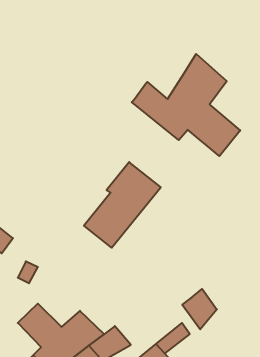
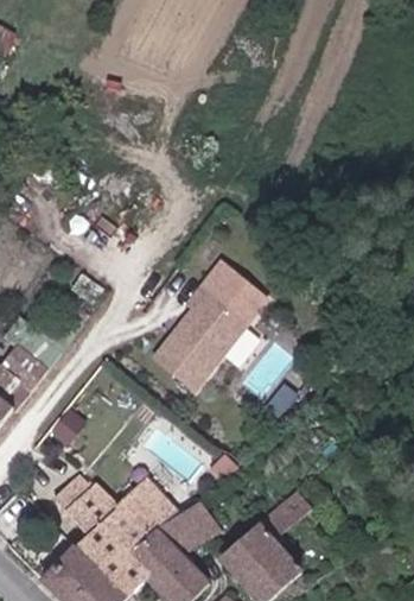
building: [132,54,240,156] -> none
building: [182,289,217,329] -> none

